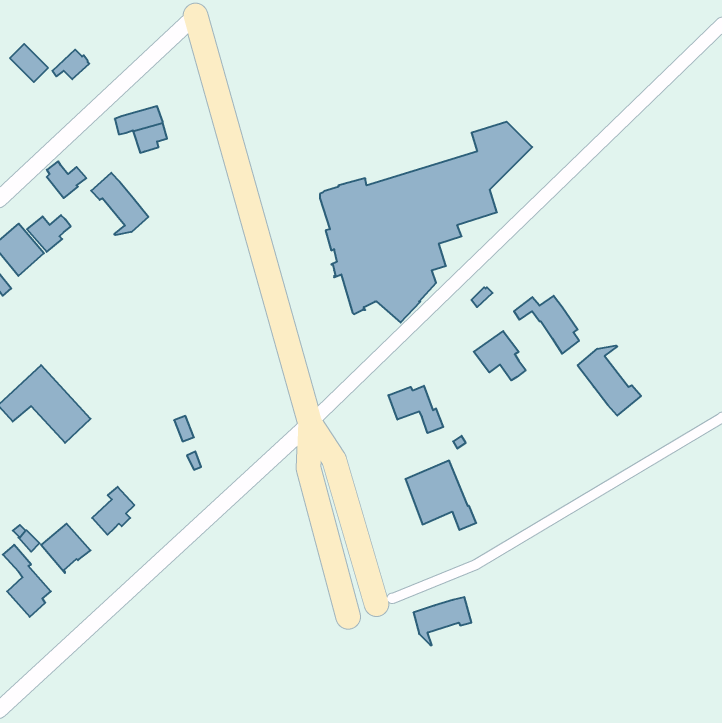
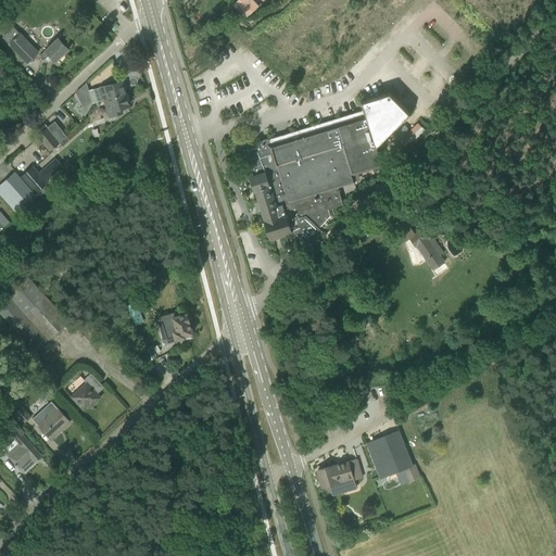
building: [91,173,148,235] -> none
building: [474,331,526,380] -> none
building: [578,346,641,416] -> none
building: [388,386,443,433] -> none
building: none -> [157,312,194,343]
building: [405,461,476,530] -> [365,430,419,483]

